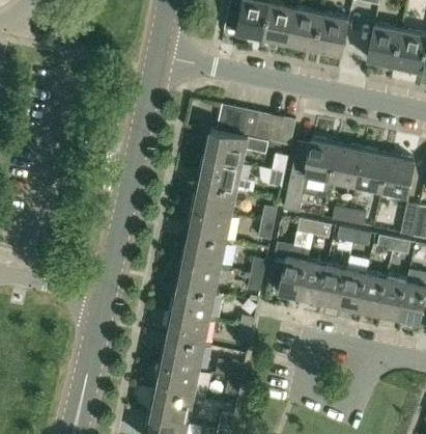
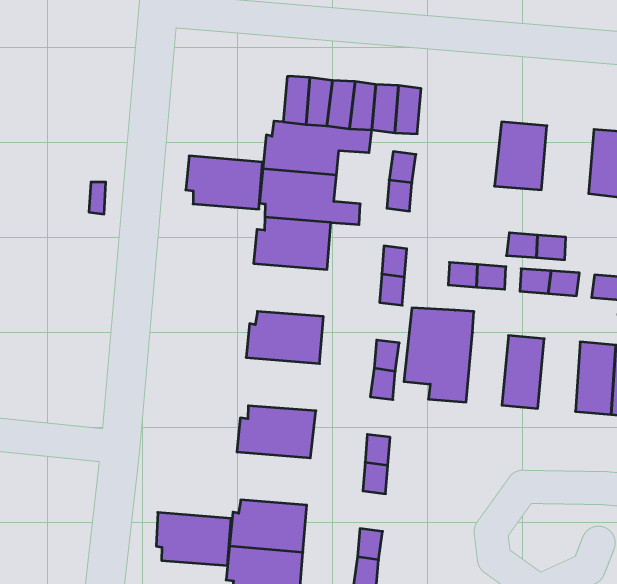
building: [284,139,338,212] -> none
building: [356,150,389,190] -> none
building: [187,207,231,241] -> [186,156,263,209]
building: [176,259,221,293] -> none
building: [300,260,328,302] -> none
building: [339,268,367,310] -> none
building: [166,310,209,345] -> [156,512,231,566]

